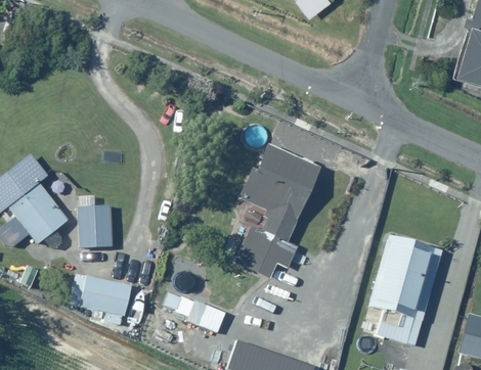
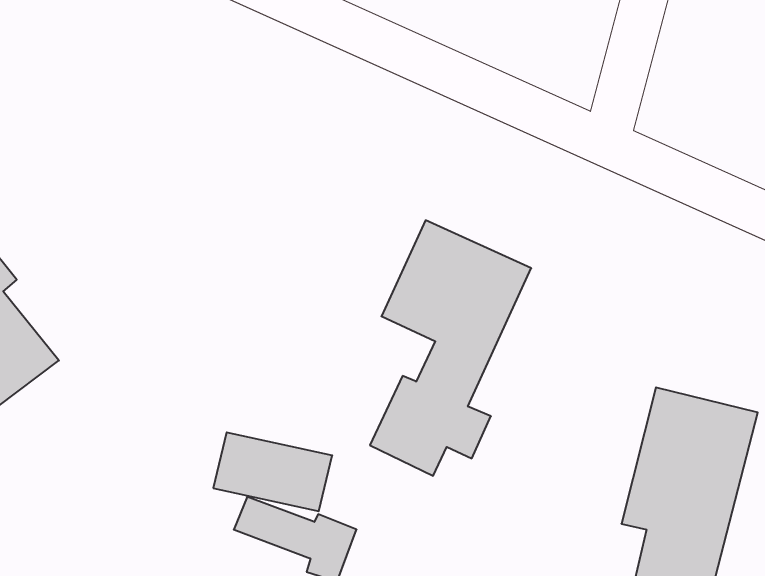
building: [79,206,113,249] -> none
building: [69,274,132,316] -> [213,432,332,511]

